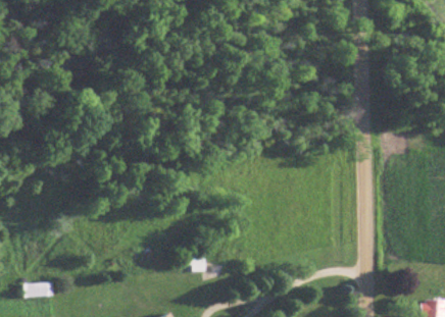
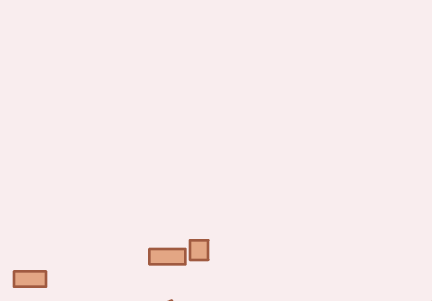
building: none -> [150,249,185,264]

